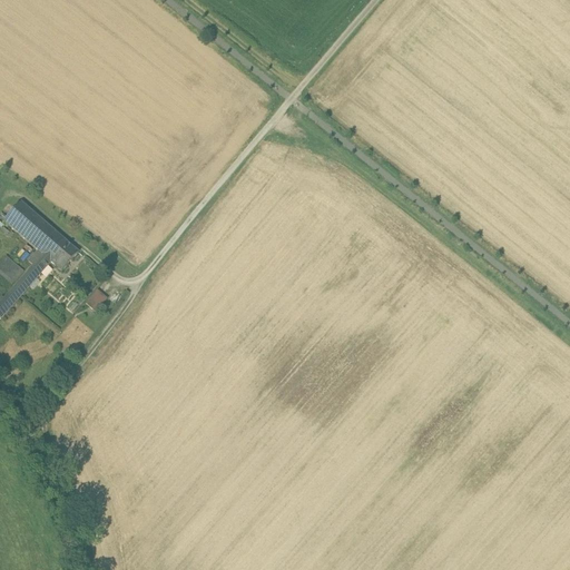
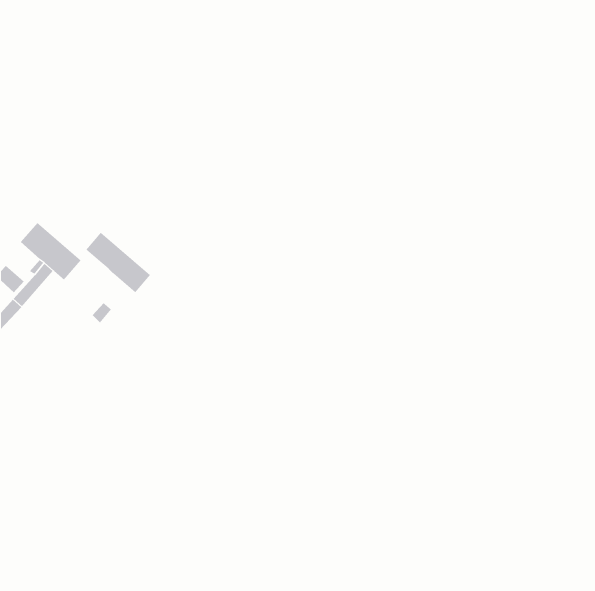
building: [6,200,36,232] -> none
building: none -> [86,232,151,293]

